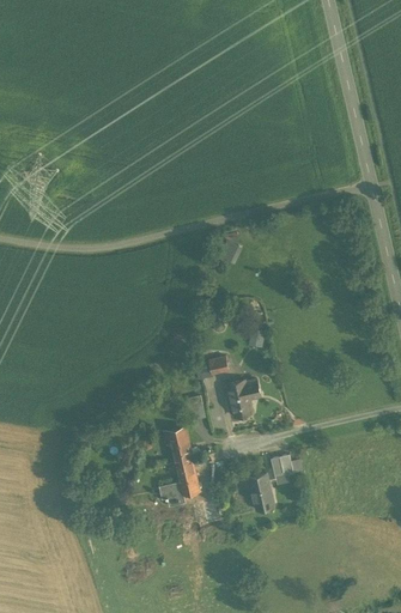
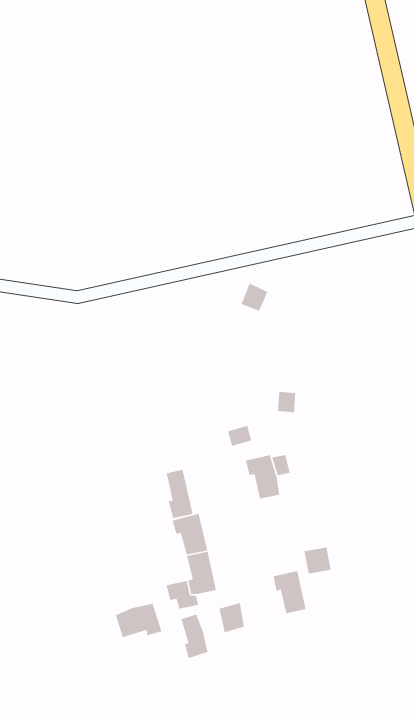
building: none -> [166,469,194,519]
building: none -> [115,602,162,638]
building: none -> [180,613,209,659]

